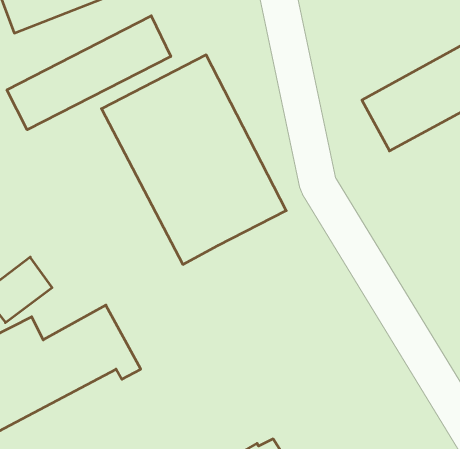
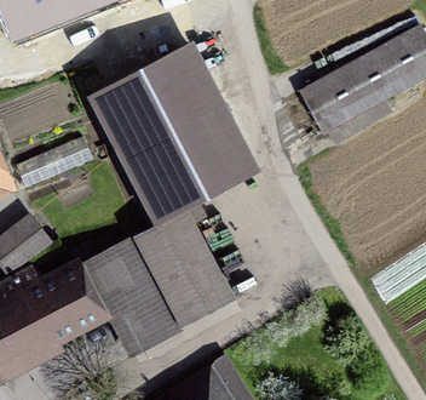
building: [7,16,171,130] -> none
building: none -> [92,210,234,350]

